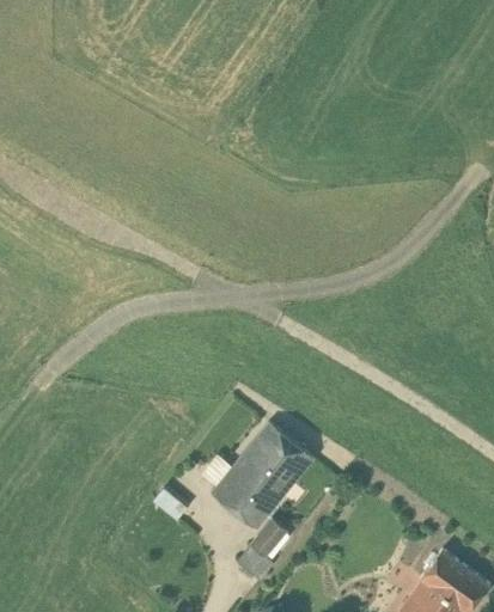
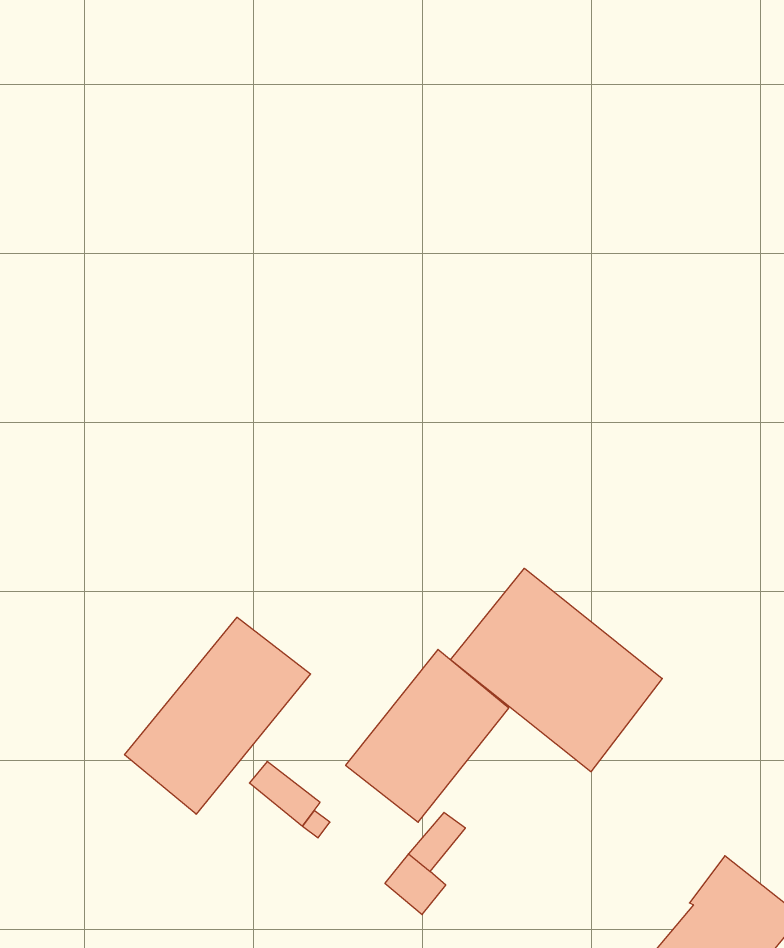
building: none -> [451,568,662,772]
building: none -> [125,617,311,814]

